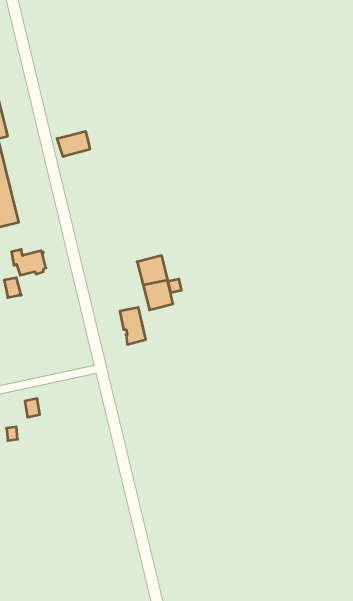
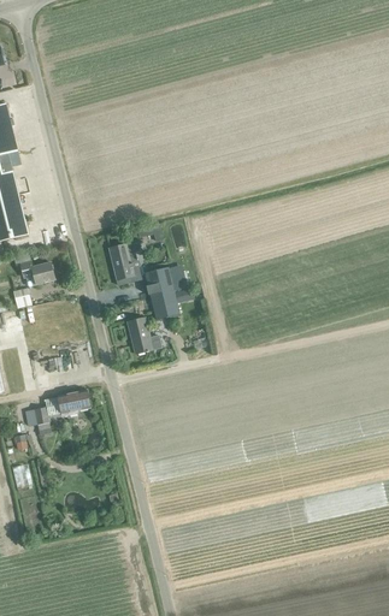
building: [57,131,90,157] -> none
building: none -> [108,242,136,285]
building: none -> [58,390,89,415]

